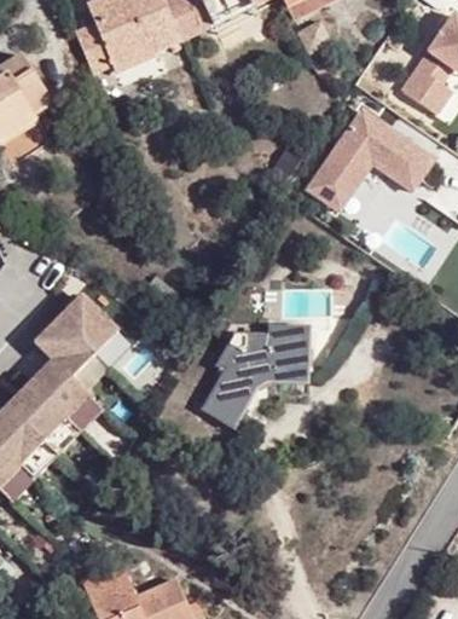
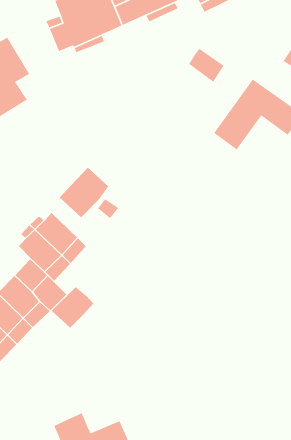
building: none -> [188,48,224,83]
building: none -> [59,167,109,218]
building: [201,324,311,428] -> none
building: none -> [51,286,94,328]

